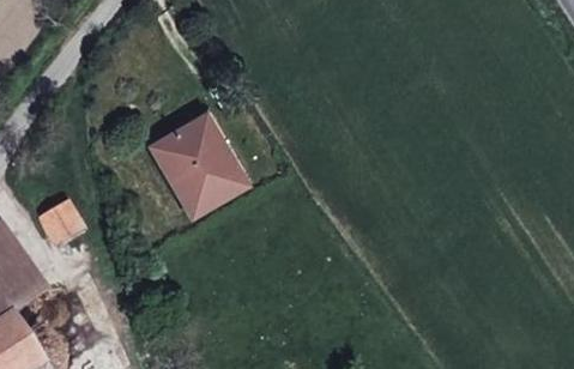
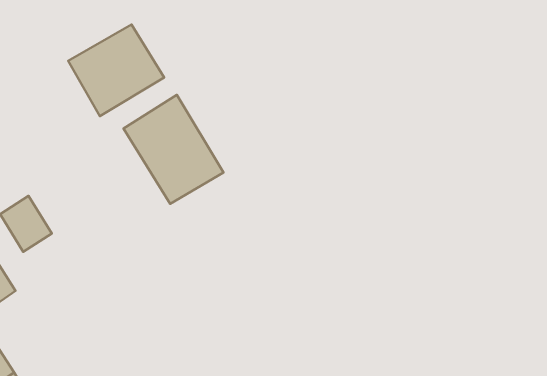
building: none -> [68,24,164,116]

